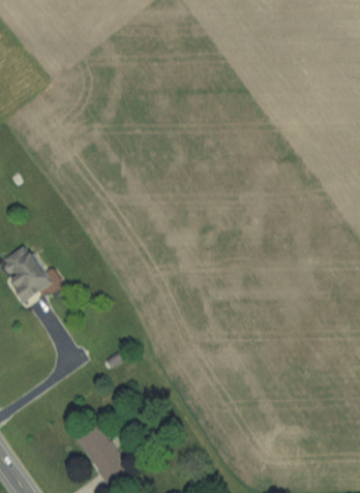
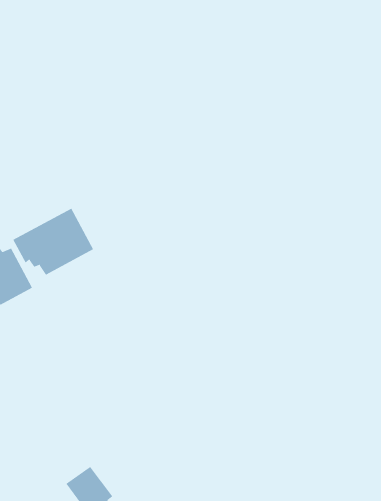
building: none -> [13,208,94,276]

